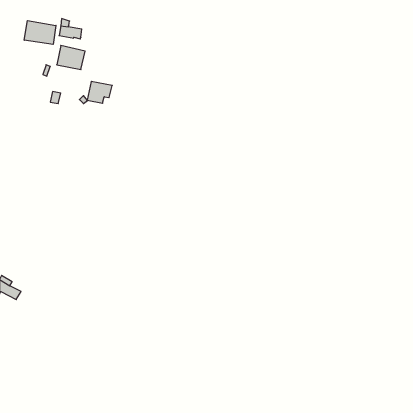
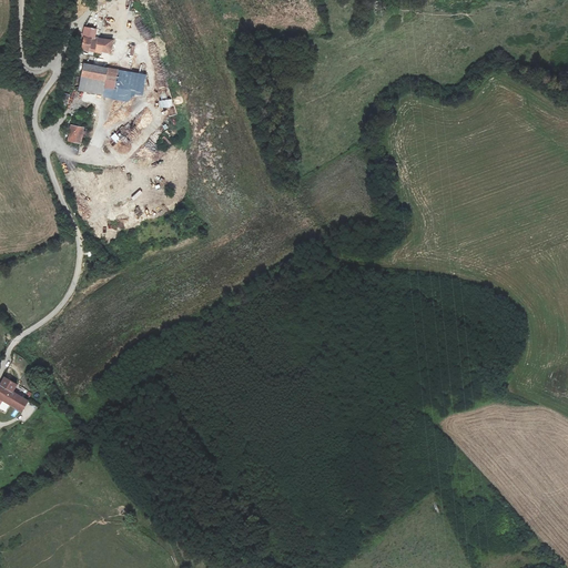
building: [24,21,56,44] -> none
building: [87,81,112,103] -> [111,70,145,100]

